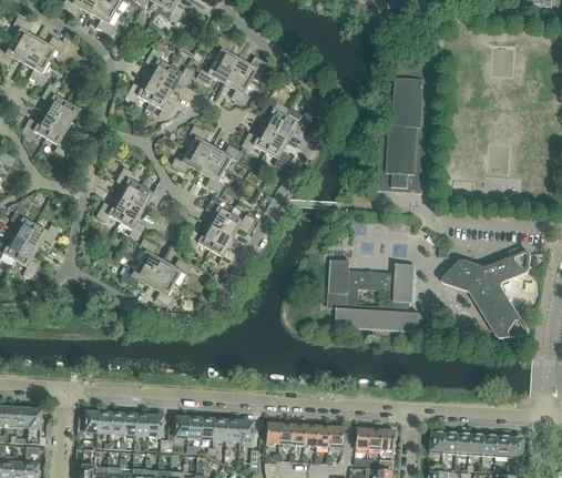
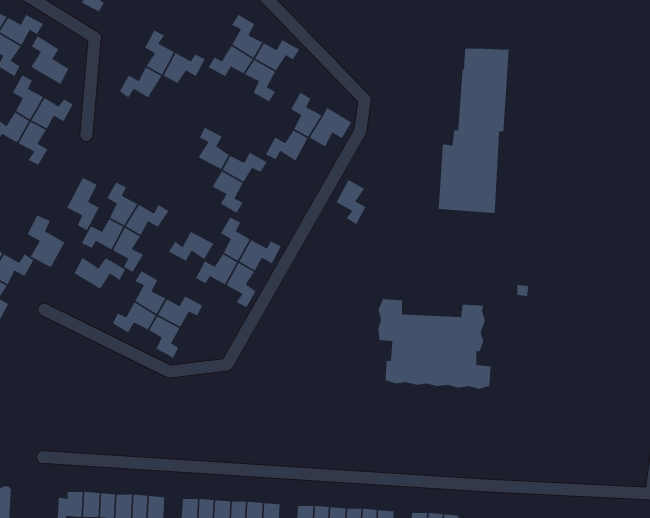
building: none -> [30,35,69,85]
building: [145,84,174,120] -> none
building: [265,133,289,170] -> [336,179,366,225]
building: [170,149,206,173] -> [168,231,214,262]
building: none -> [66,177,100,231]
building: none -> [26,215,66,268]
building: none -> [73,257,126,290]
building: [446,251,531,337] -> none

